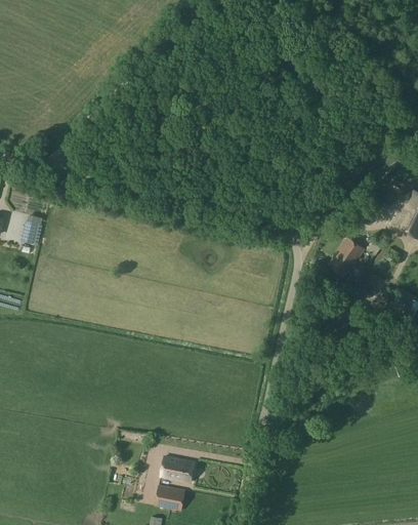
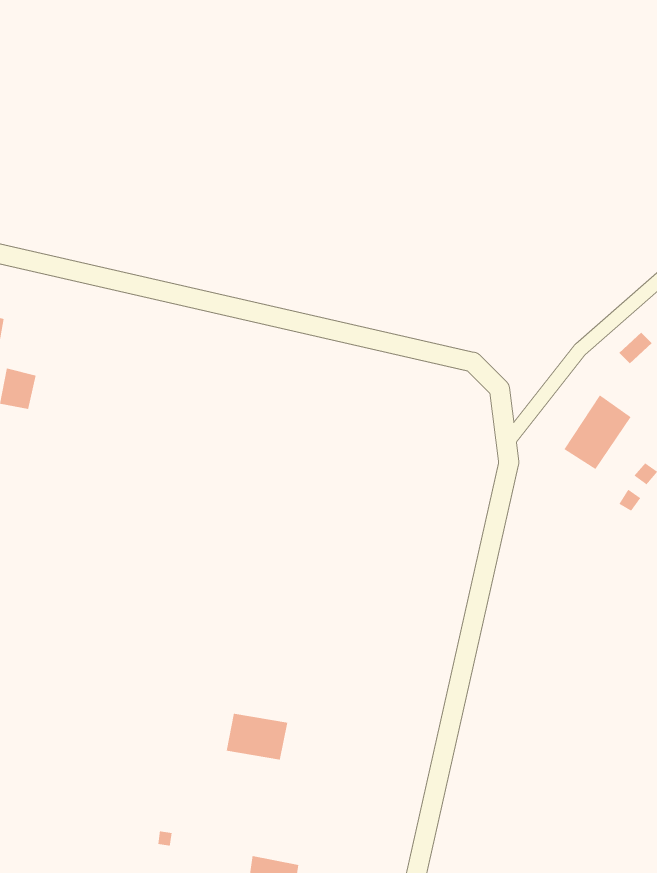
building: [162,455,196,481] -> [226,713,288,760]

